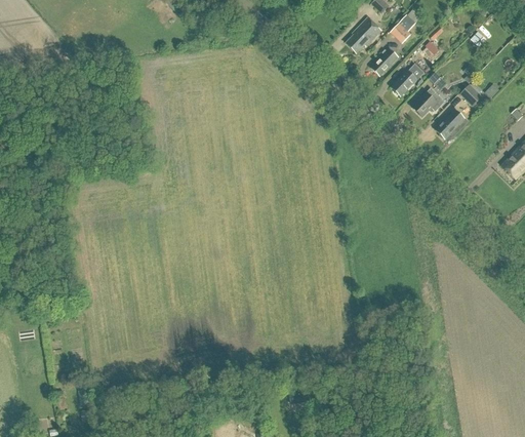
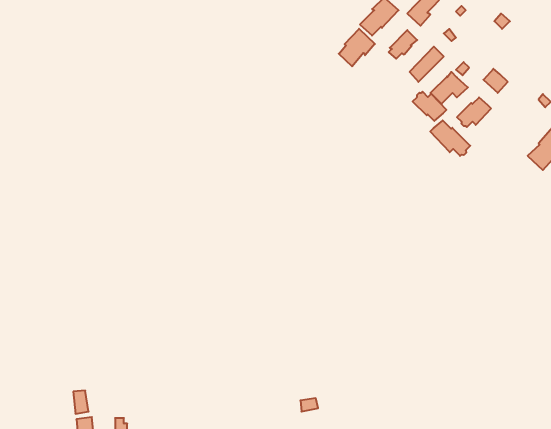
building: none -> [339,29,375,66]
building: none -> [413,92,446,121]
building: none -> [430,120,470,156]

